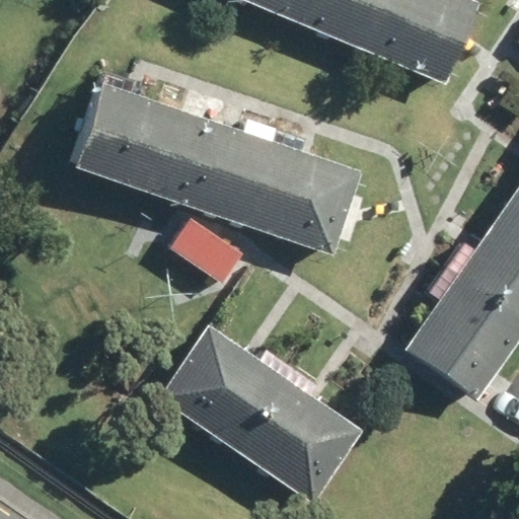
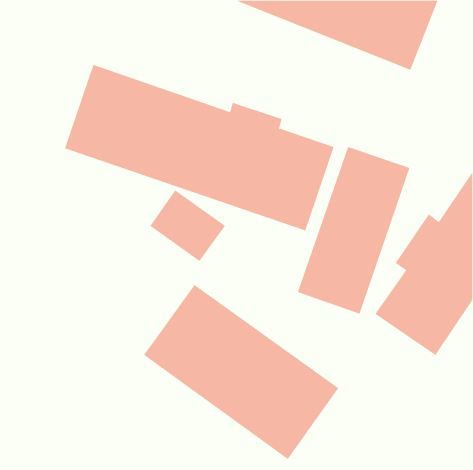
building: none -> [297,146,410,315]

